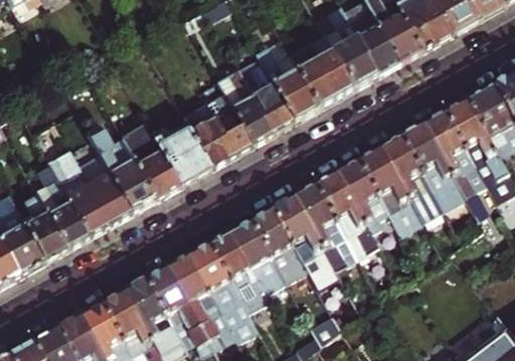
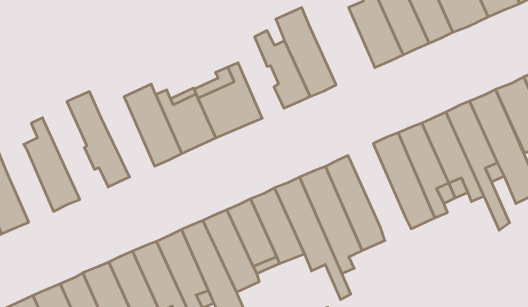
building: [288,35,352,108] -> none
building: [225,70,272,145] -> none
building: [90,124,157,210] -> none
building: [47,146,116,235] -> none
building: [335,159,393,236] -> none
building: [22,193,67,260] -> none

